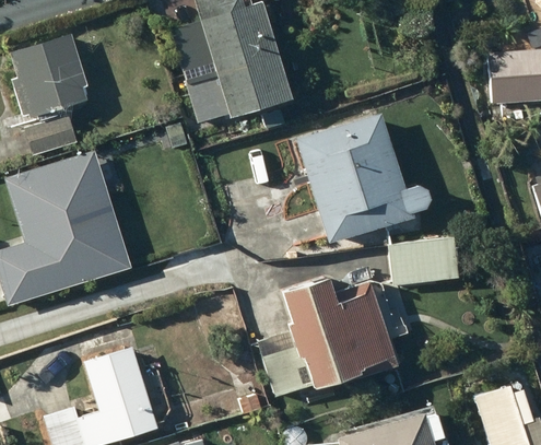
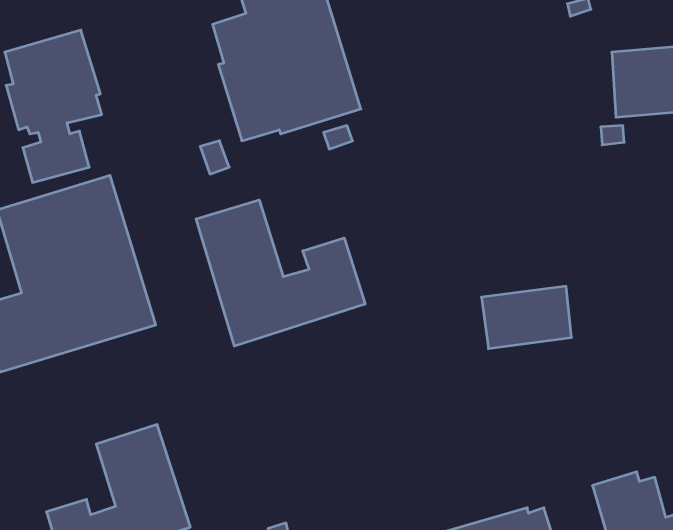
building: [297,113,432,243] -> none
building: none -> [196,200,365,346]
building: [262,276,399,397] -> none

